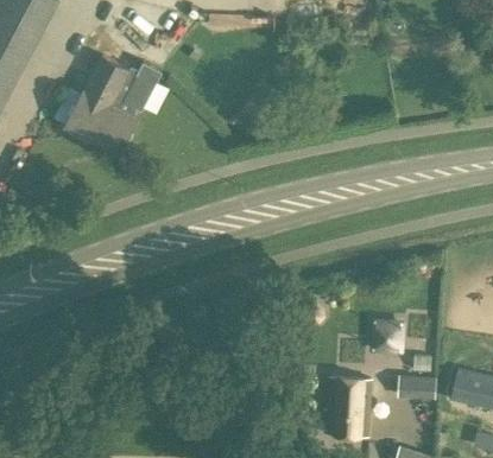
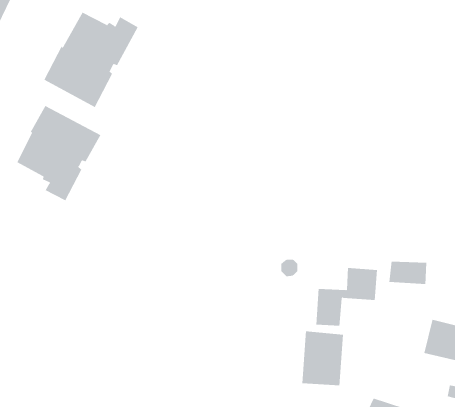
building: none -> [17,105,101,201]
building: [398,376,437,400] -> [389,261,427,285]

